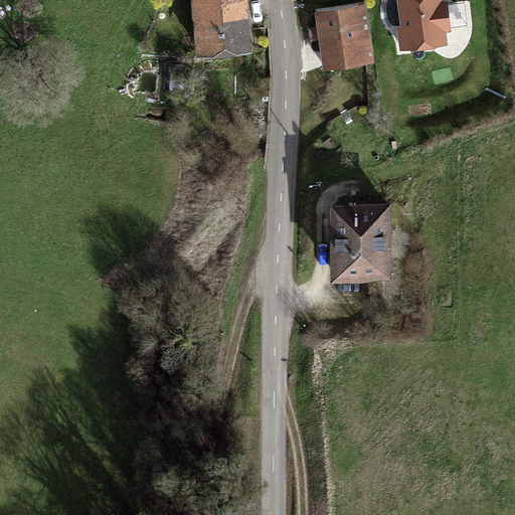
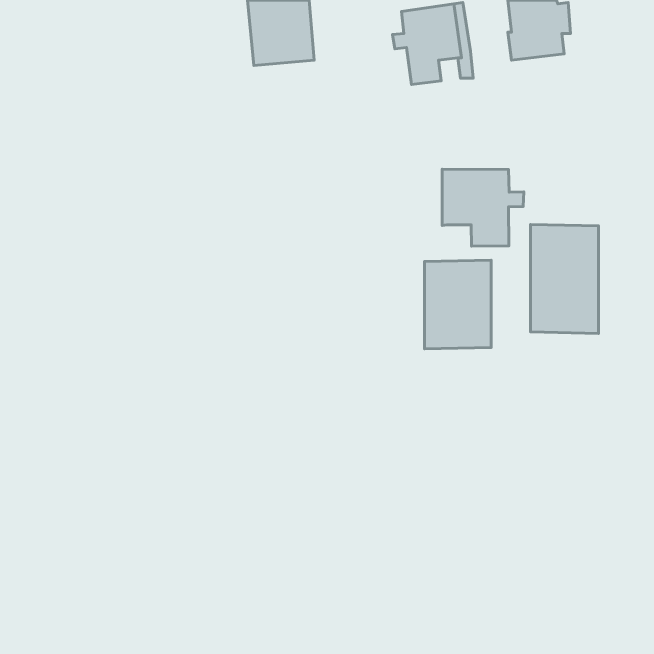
building: none -> [442,169,524,246]
building: none -> [530,224,599,333]

